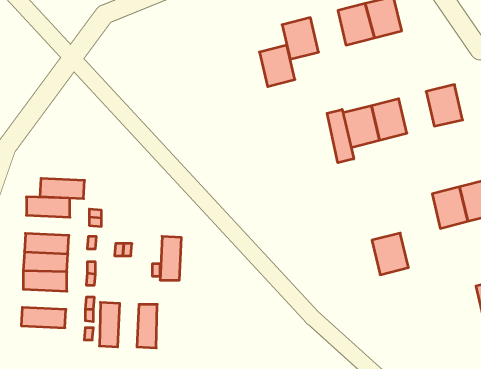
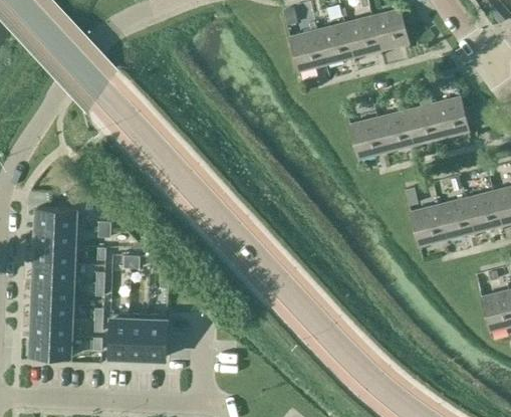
building: [259,45,295,87] -> [317,23,352,64]
building: none -> [405,103,440,145]
building: [327,109,354,163] -> none
building: [40,178,85,199] -> [35,226,79,246]
building: [372,233,408,275] -> [410,205,446,246]
building: [160,236,181,280] -> [126,314,148,357]
building: none -> [32,299,76,320]
building: none -> [30,336,74,356]

